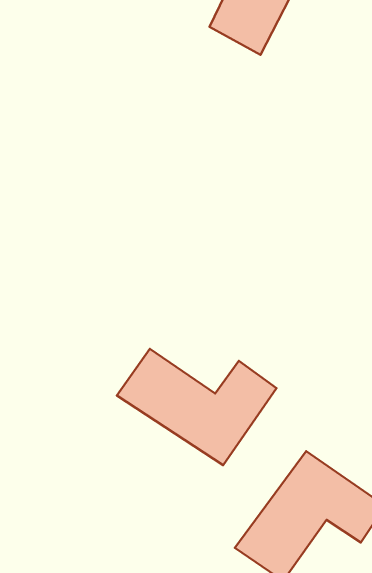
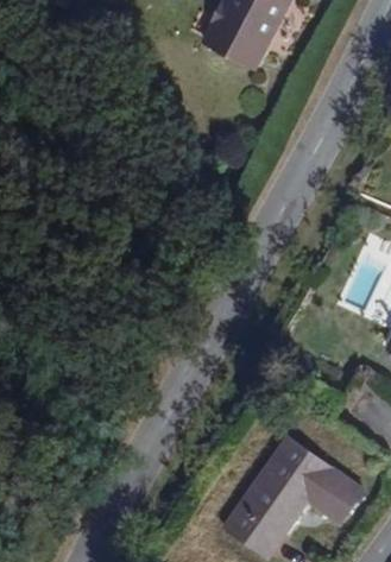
building: [117,349,277,465] -> none

